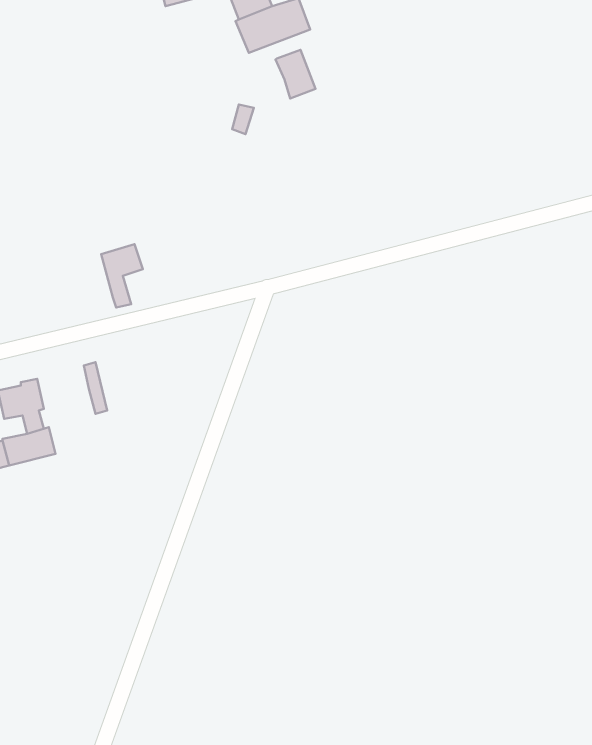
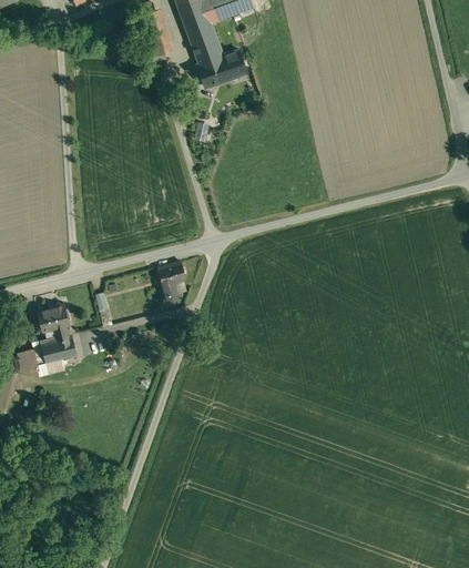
building: [275,50,315,98] -> none
building: [101,244,143,307] -> [159,262,186,304]

